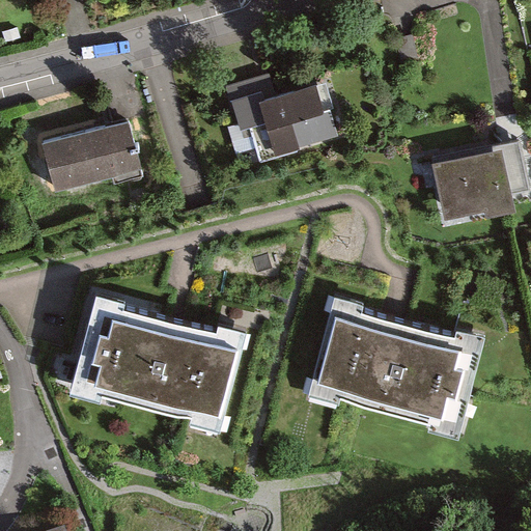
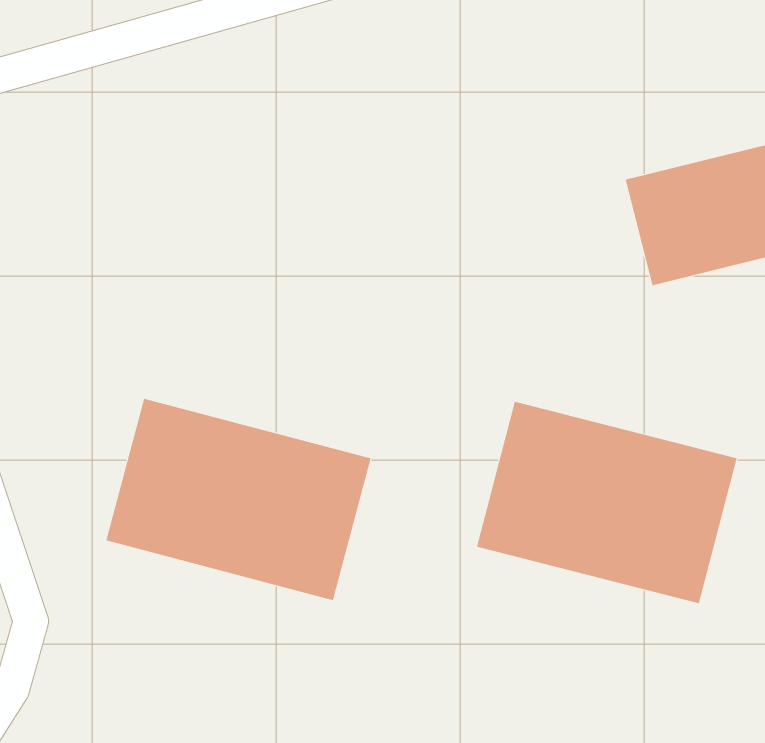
building: [219,76,334,160] -> none
building: [34,121,133,209] -> none

